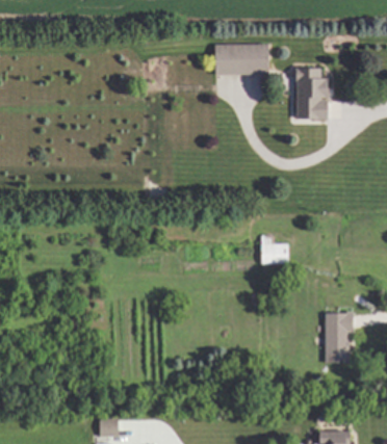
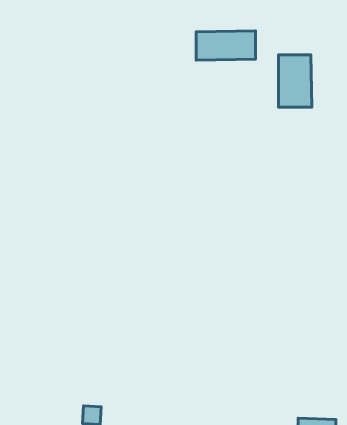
building: [260,234,289,262] -> none
building: [324,311,351,362] -> none

